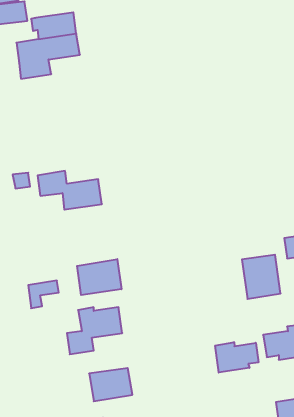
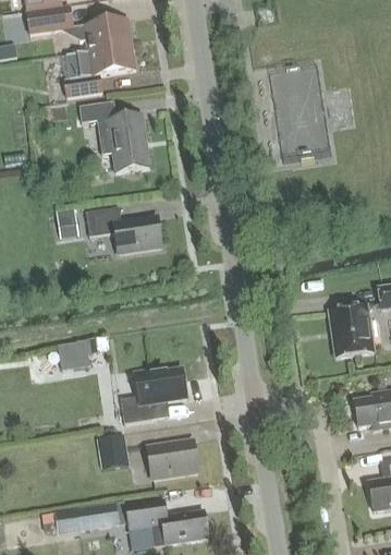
building: none -> [273,60,333,157]
building: none -> [78,101,149,172]
building: [77,259,121,295] -> none
building: [215,342,258,373] -> none
building: none -> [96,433,129,469]

